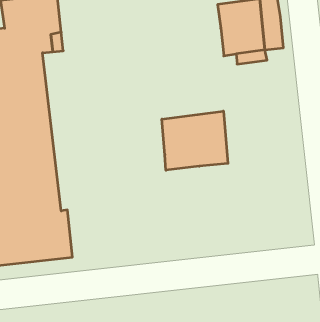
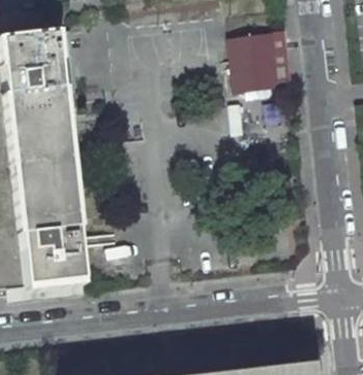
building: [162,111,228,170] -> none

